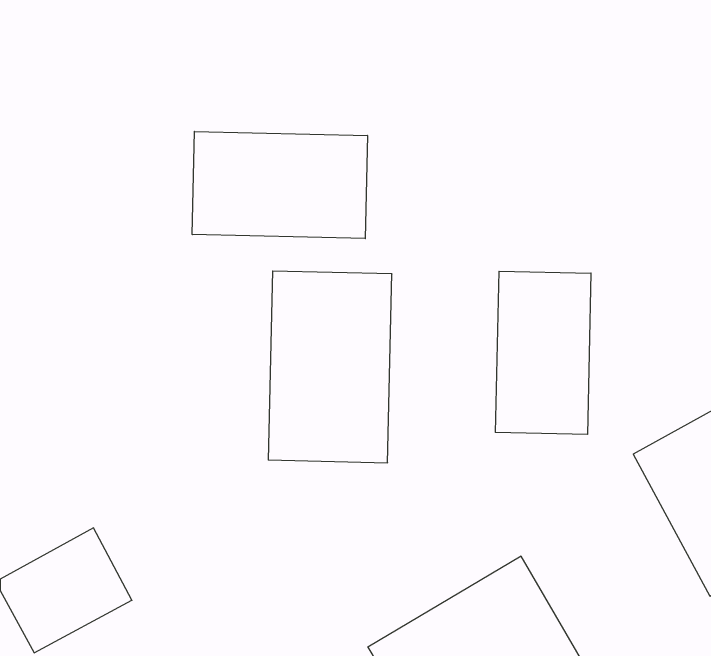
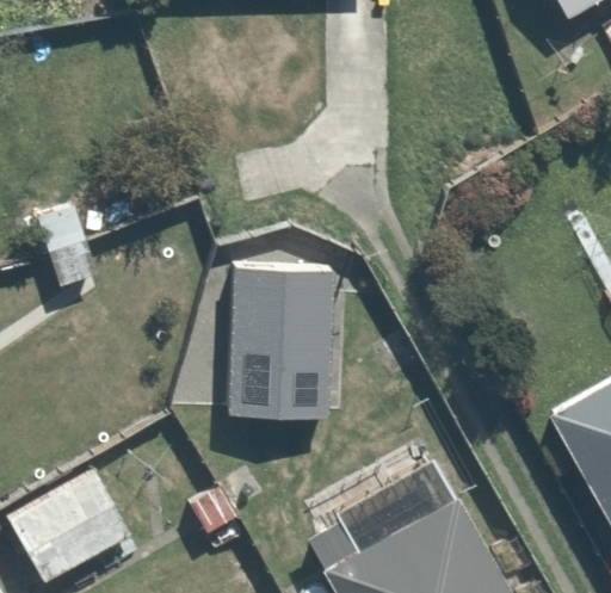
building: [192,131,367,239] -> none
building: [495,271,591,434] -> none

